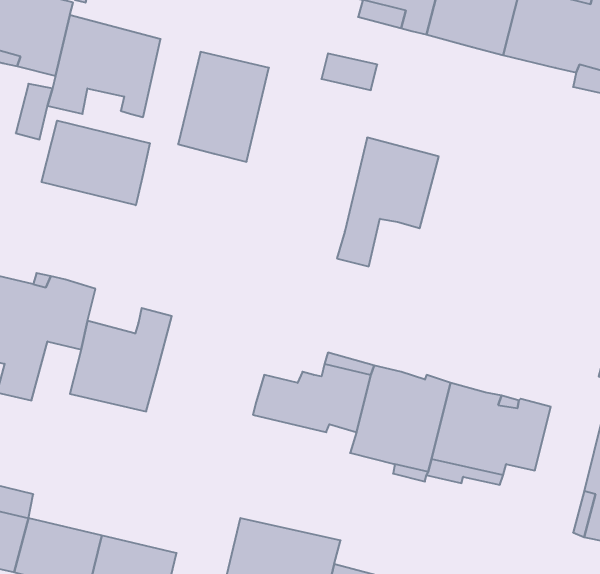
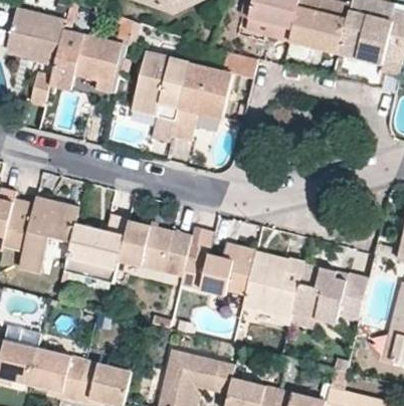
building: [42,121,150,205] -> none
building: [337,138,439,266] -> [170,63,234,145]
building: none -> [119,217,192,274]

